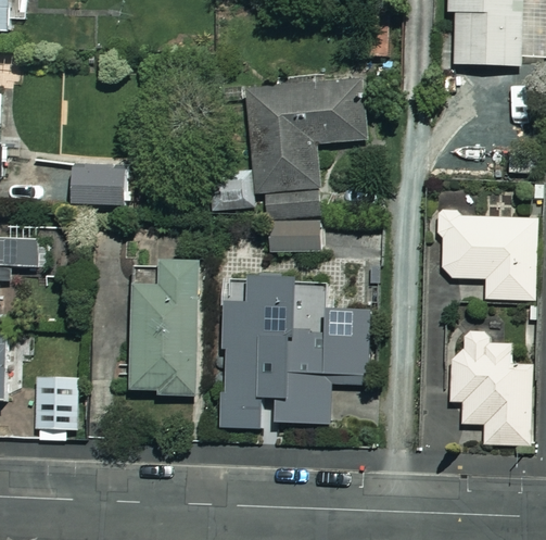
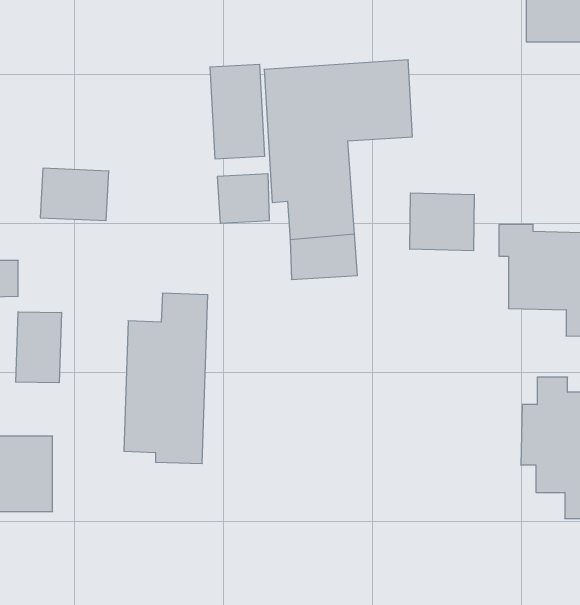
building: none -> [210,64,265,159]
building: none -> [410,193,474,251]
building: [220,276,361,427] -> none
building: none -> [16,312,61,383]

